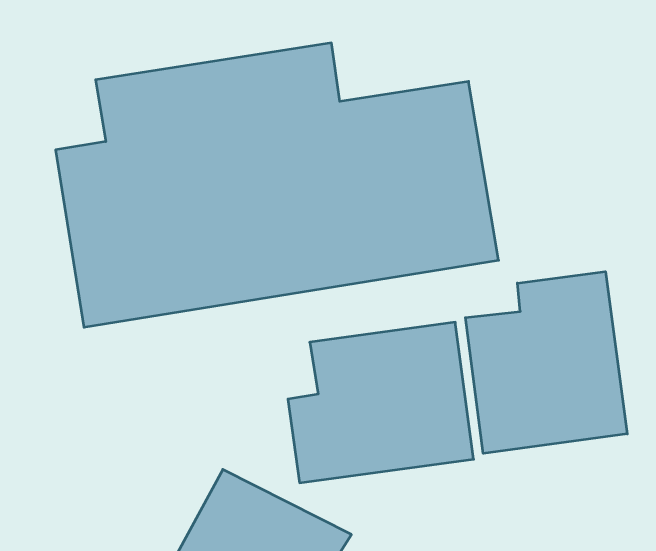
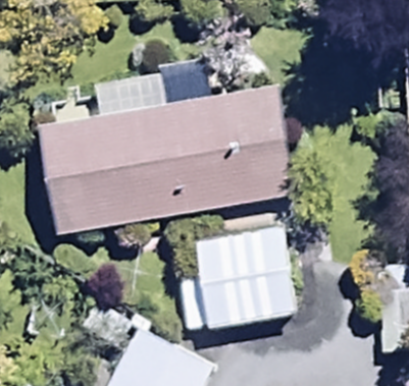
building: [465,272,627,453] -> none

